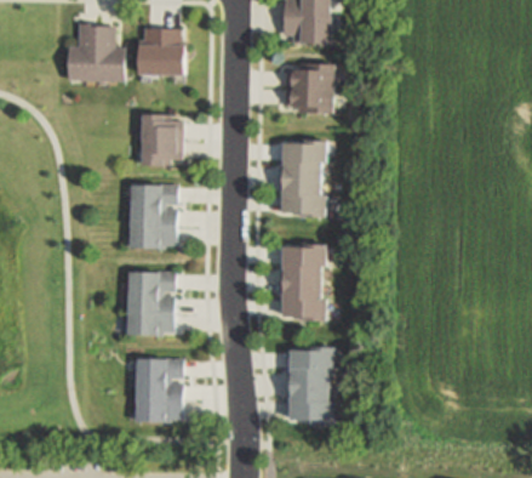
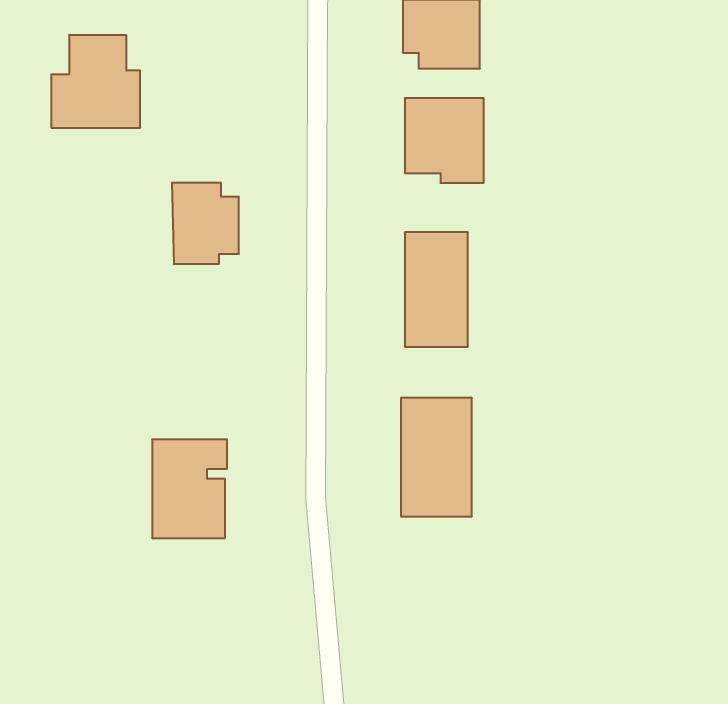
building: [138,30,184,75] -> none
building: [130,186,176,249] -> none
building: [287,349,334,425] -> none
building: [136,359,183,421] -> none

